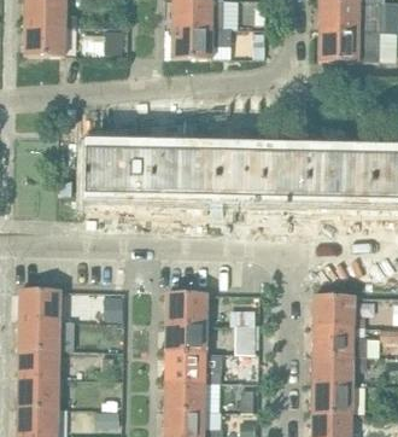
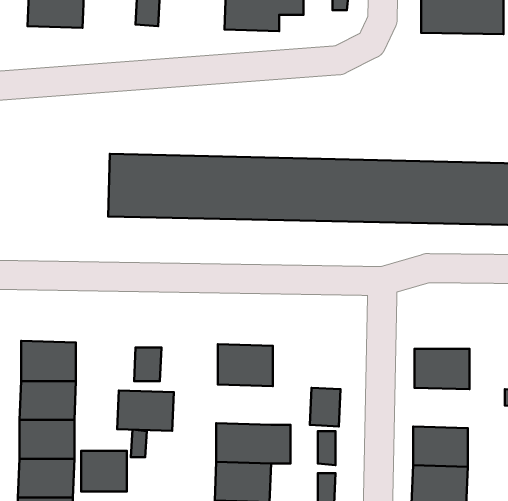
building: [165,321,207,351] -> [117,390,174,431]
building: [312,324,369,354] -> none
building: none -> [81,451,127,492]

